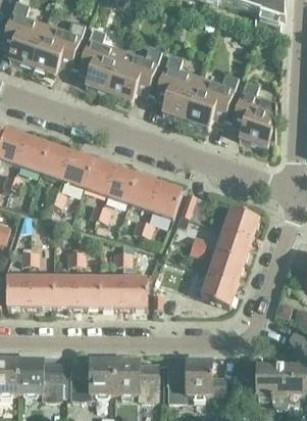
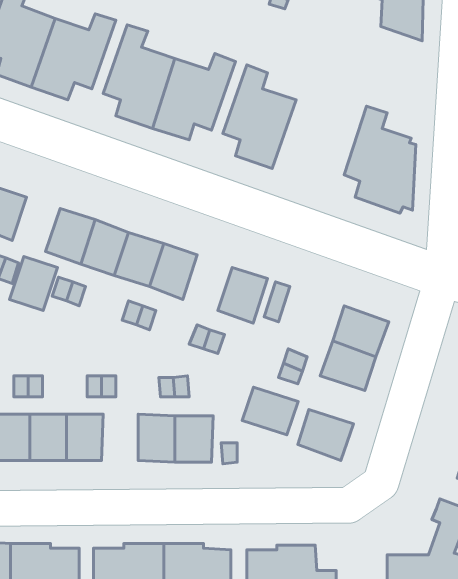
building: [185,72,238,127] -> none
building: [18,137,49,172] -> [10,256,57,311]
building: [127,174,159,209] -> none
building: [208,251,244,282] -> [242,387,298,435]
building: [75,276,99,306] -> none

